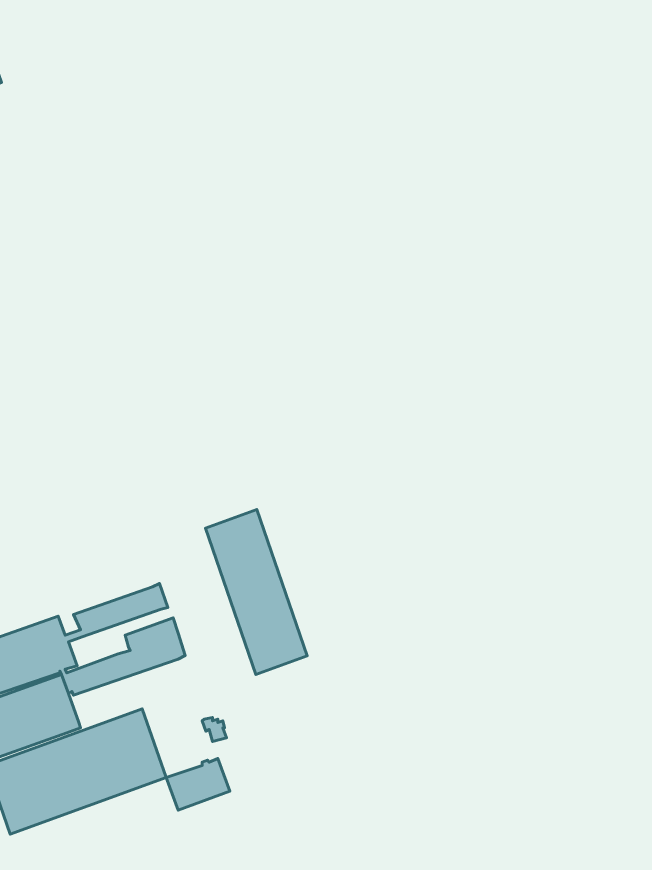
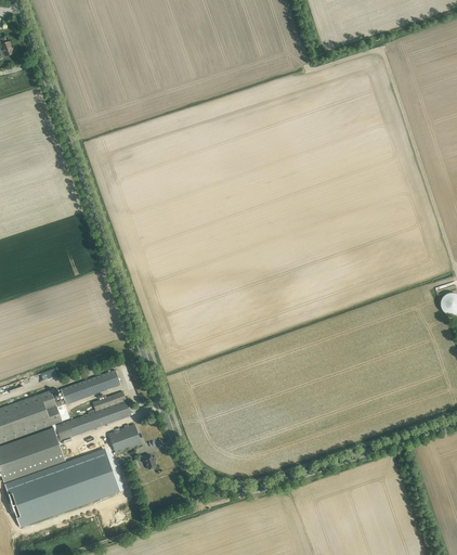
building: [205,510,307,674] -> none
building: [166,759,230,810] -> [102,423,142,455]

